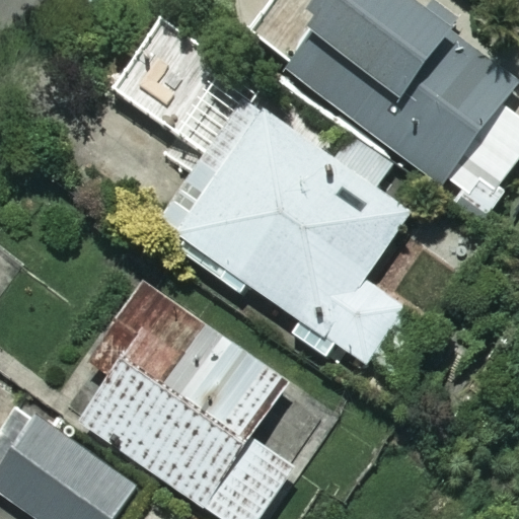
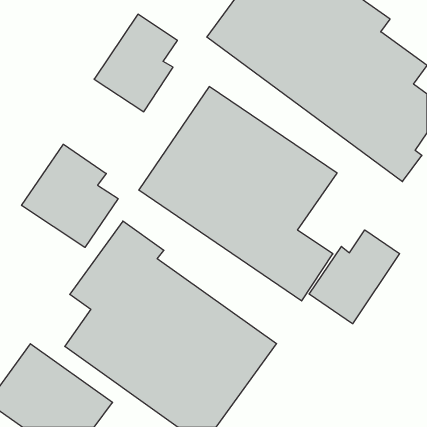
building: none -> [22,144,118,247]
building: none -> [309,230,400,324]

